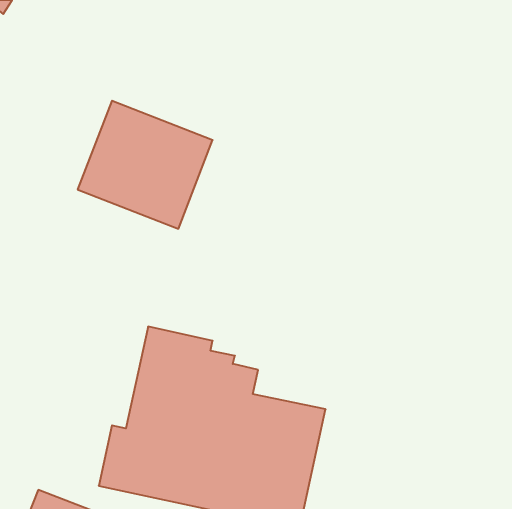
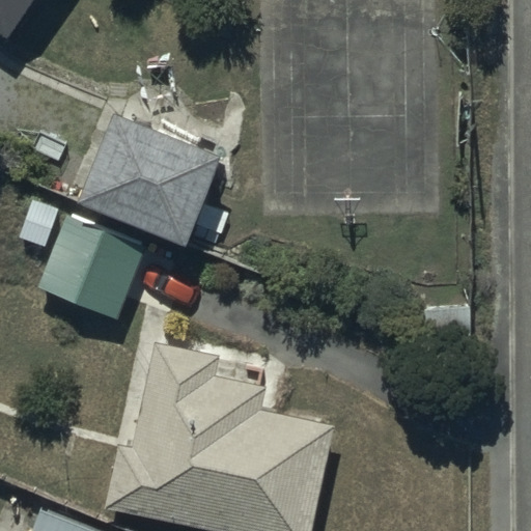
building: none -> [37,219,142,320]

